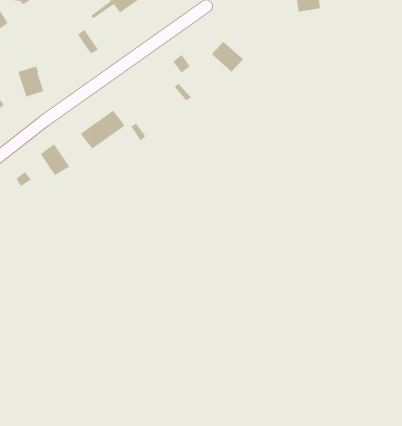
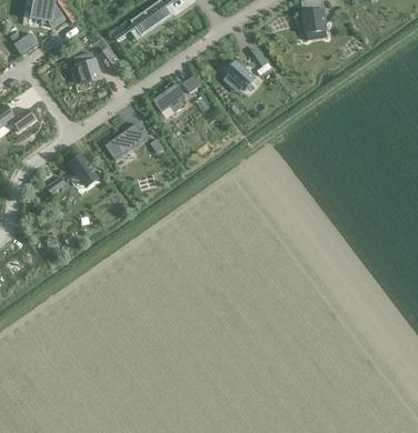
building: [18,66,44,97] -> [73,52,98,81]
building: none -> [152,83,186,112]

